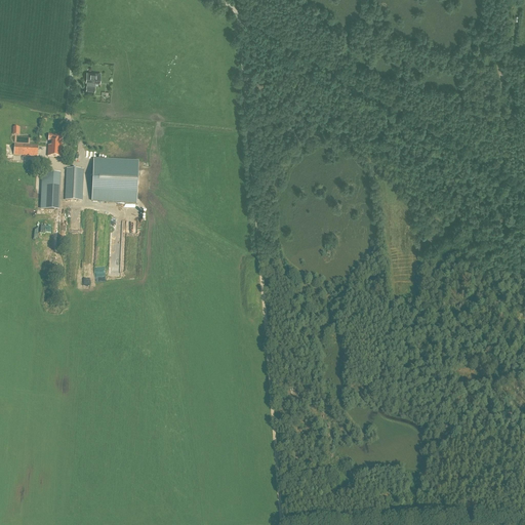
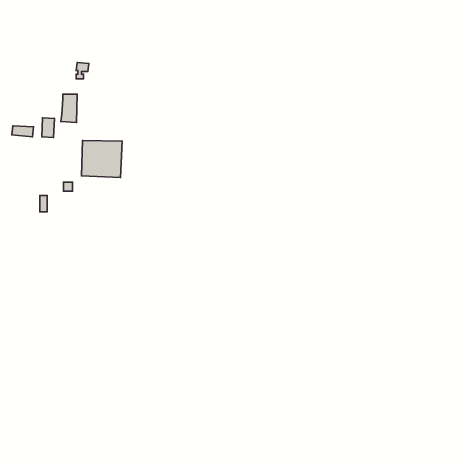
building: [65,167,83,199] -> [61,94,77,122]
building: [41,174,58,208] -> none

